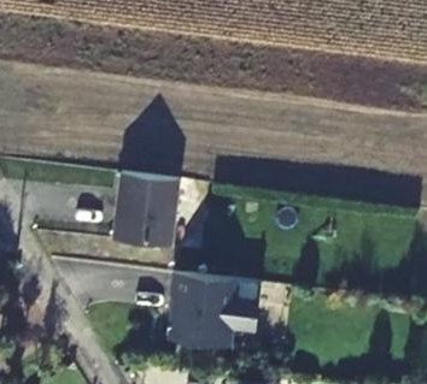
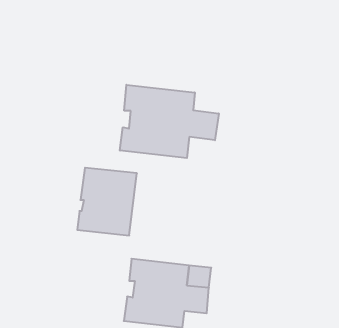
building: none -> [120,85,219,158]

